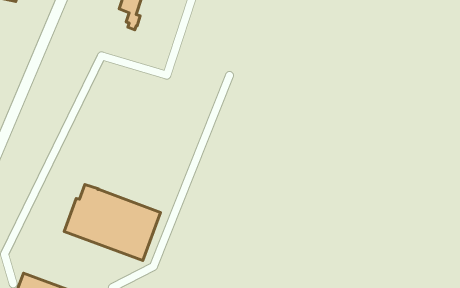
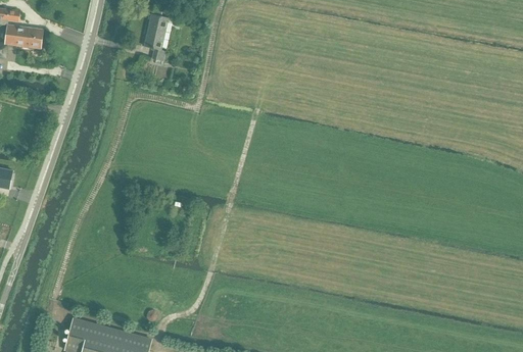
building: [64,184,160,260] -> none

